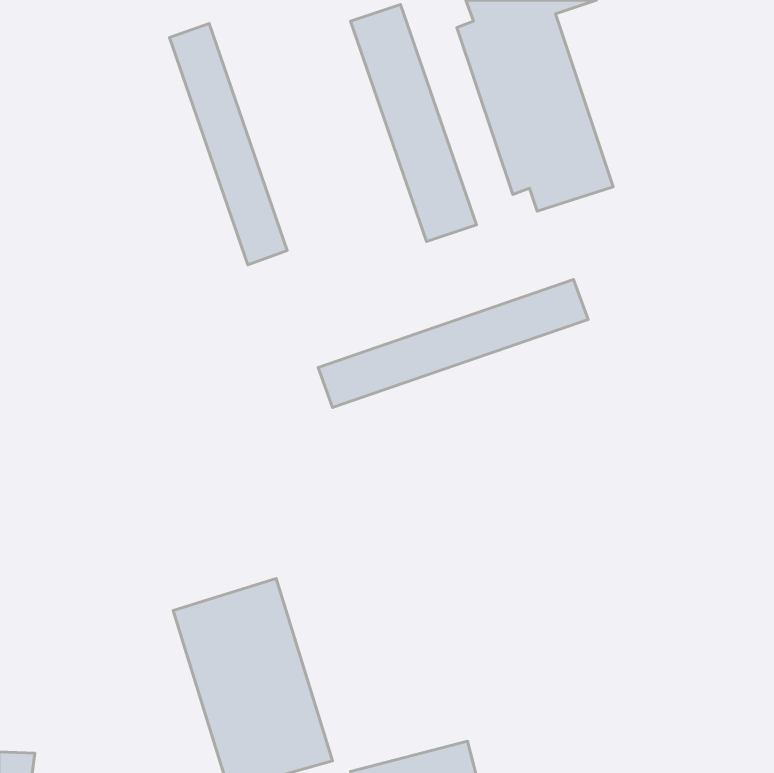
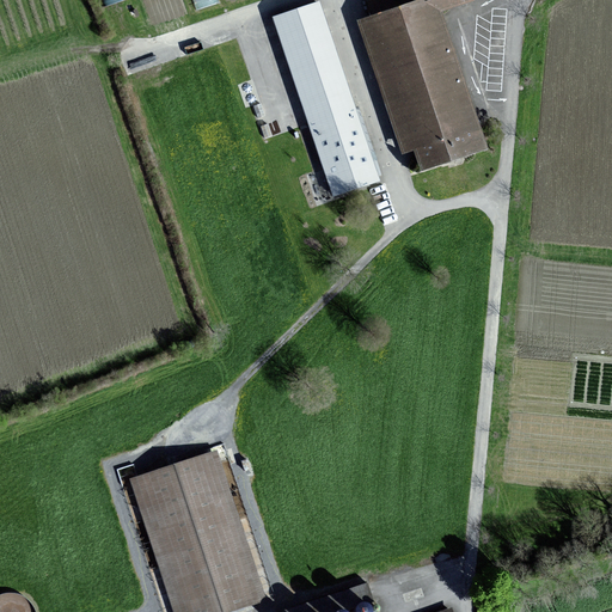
building: [170,23,287,265] -> none
building: [318,279,588,408] -> none

